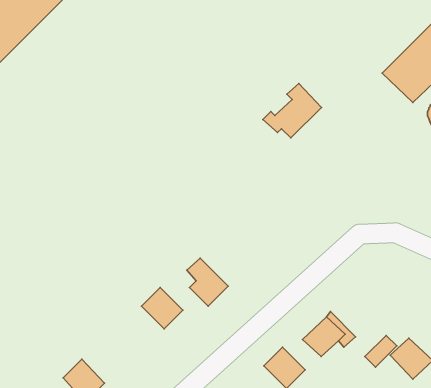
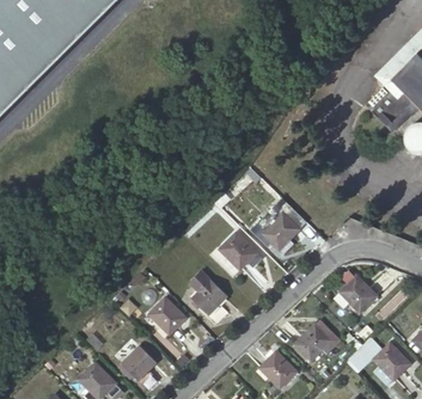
building: [263,83,321,138] -> [255,201,307,250]
building: none -> [220,233,262,270]
building: none -> [340,275,377,313]
building: none -> [123,346,157,380]

